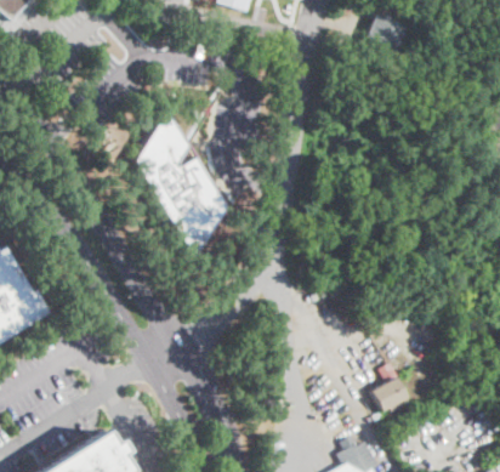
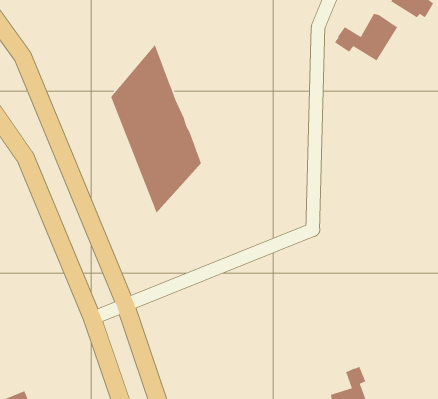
building: none -> [334,13,398,62]

